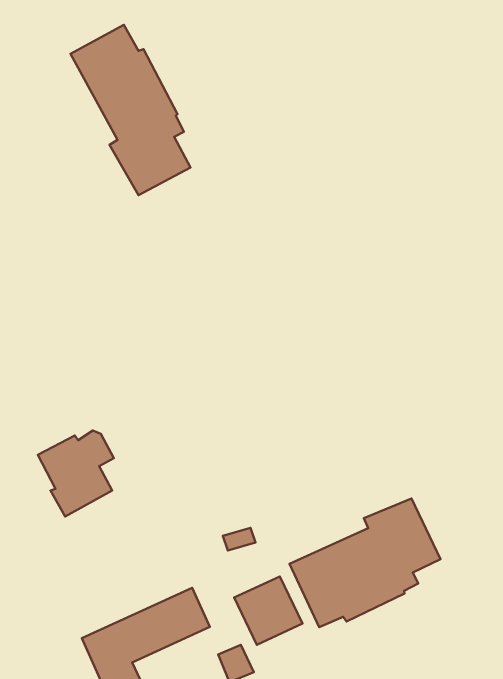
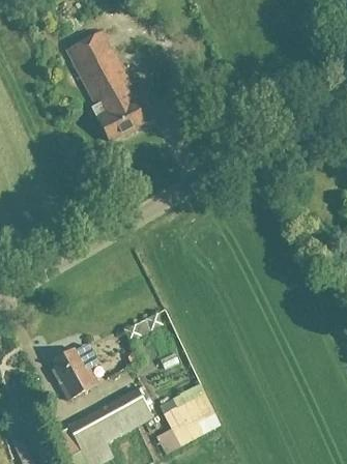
building: [38,430,114,516] -> [49,346,97,401]
building: [290,498,440,627] -> none

